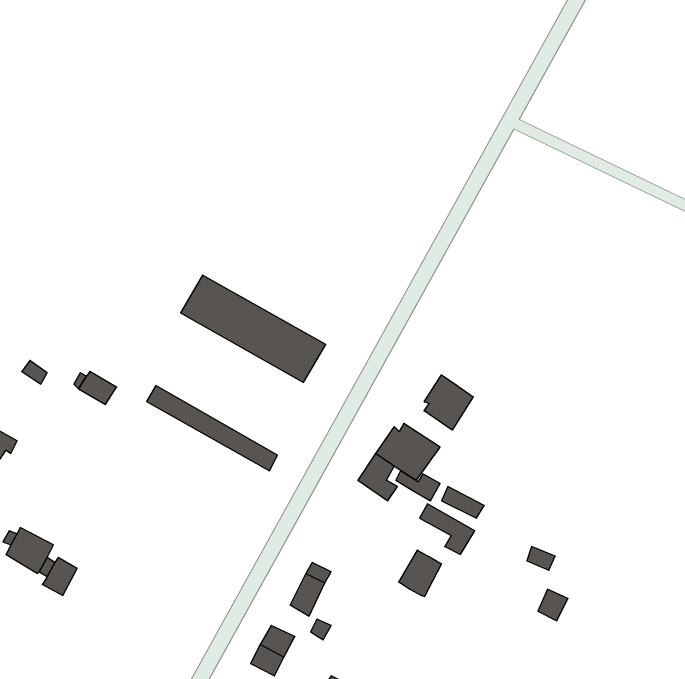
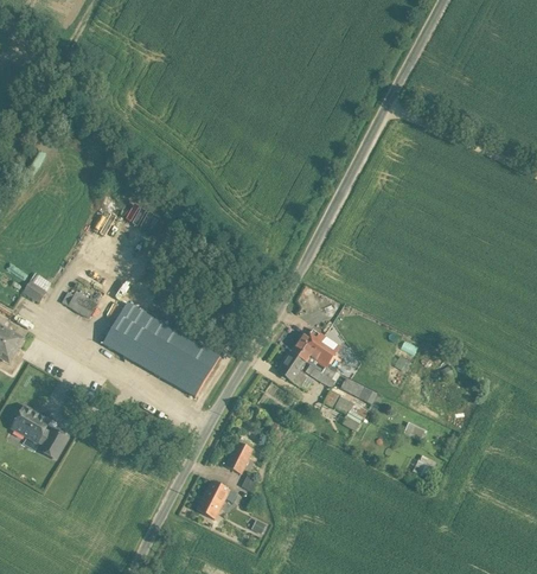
building: [181,275,326,382] -> [102,313,211,394]
building: [424,375,473,430] -> none
building: [399,550,441,597] -> none

